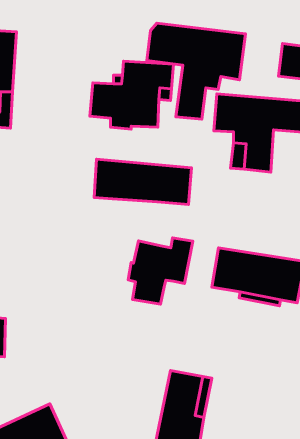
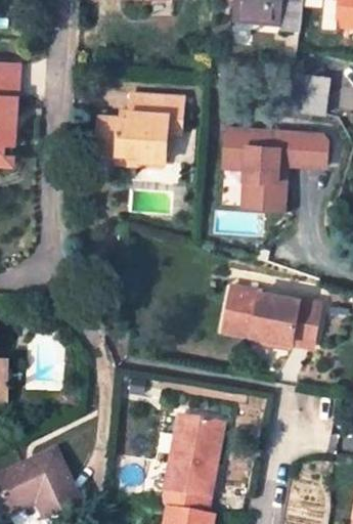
building: [147,23,245,119] -> none
building: [94,159,191,204] -> none
building: [128,238,193,304] -> none

